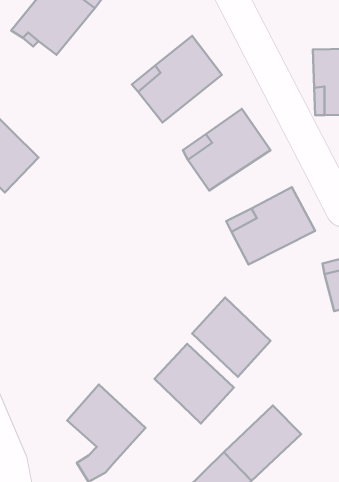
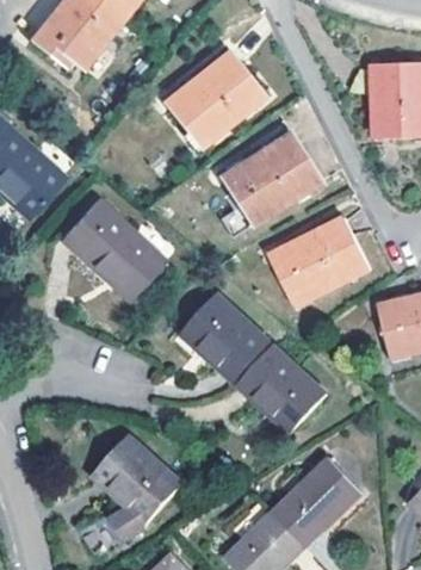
building: none -> [63,202,165,302]
building: [154,344,234,423] -> [181,292,271,382]

